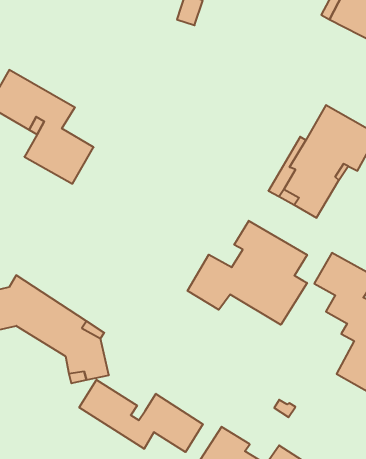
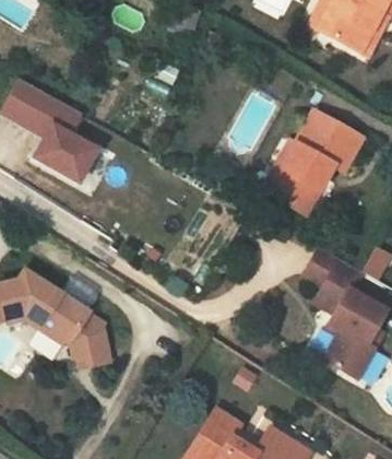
building: [188,221,307,325] -> none
building: [79,380,203,452] -> none

